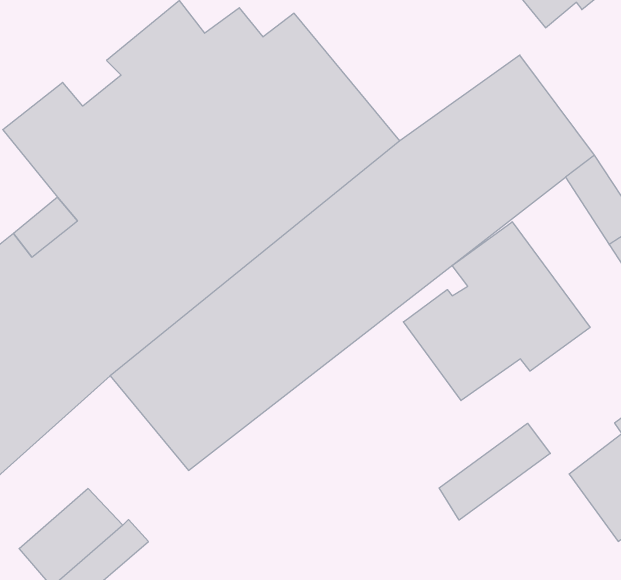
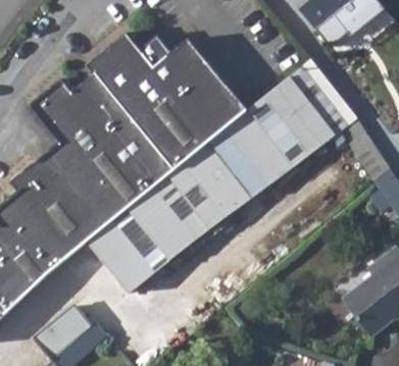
building: [403,222,590,401] -> none
building: [439,423,550,520] -> none

